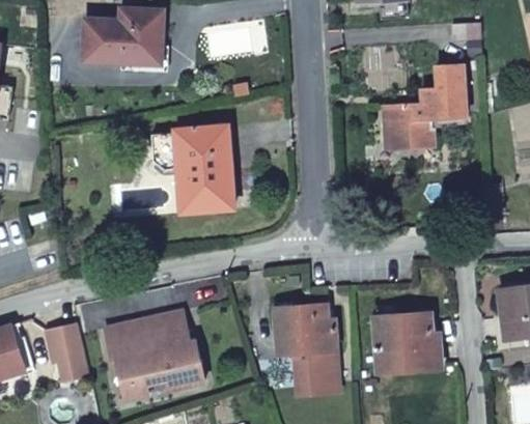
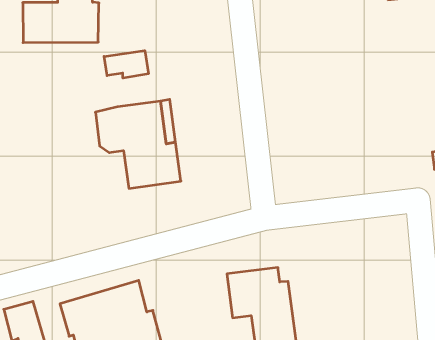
building: [386,67,464,150] -> none
building: none -> [104,51,148,78]
building: [373,312,440,370] -> none

